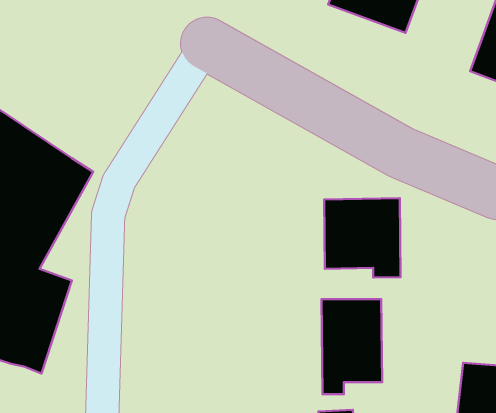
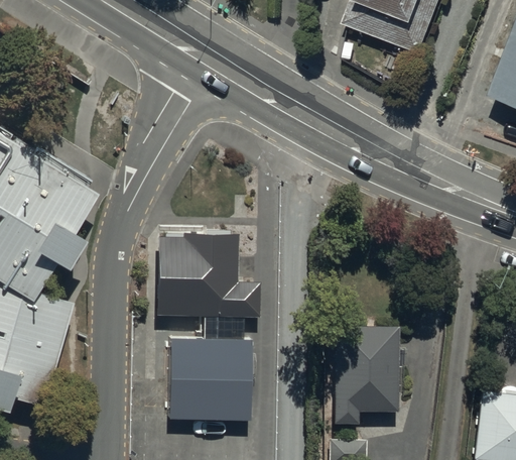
building: [324,198,400,278] -> none
building: none -> [165,226,257,421]

